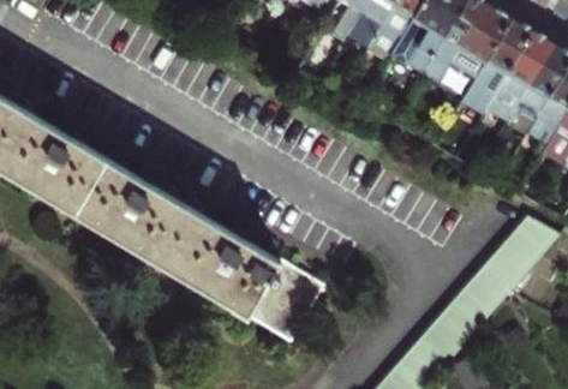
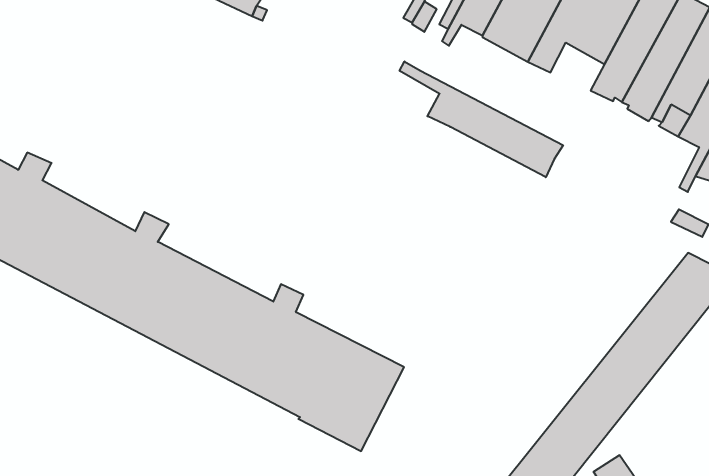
building: none -> [400,61,563,177]

